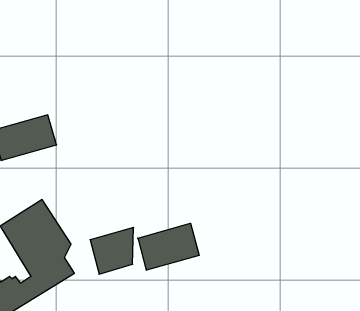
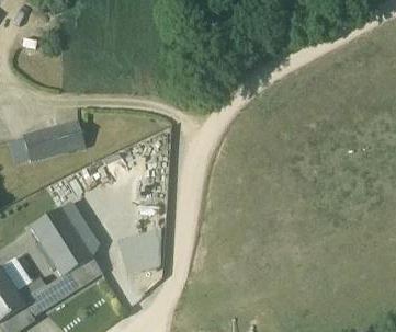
building: [138,223,199,270] -> none

